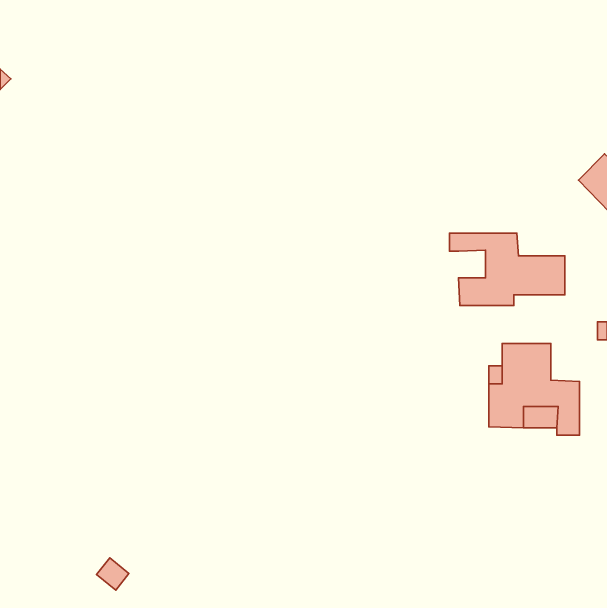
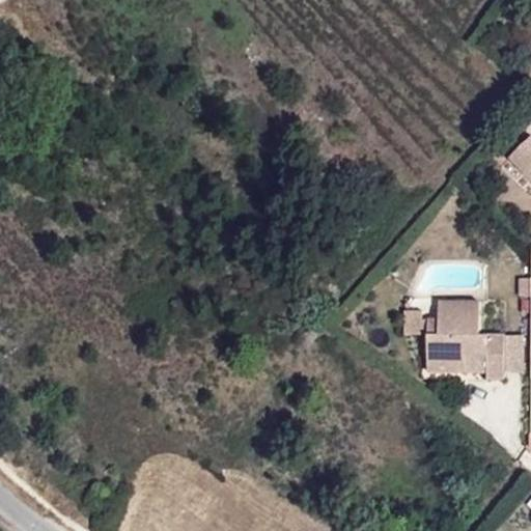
building: [449,233,565,305] -> none

